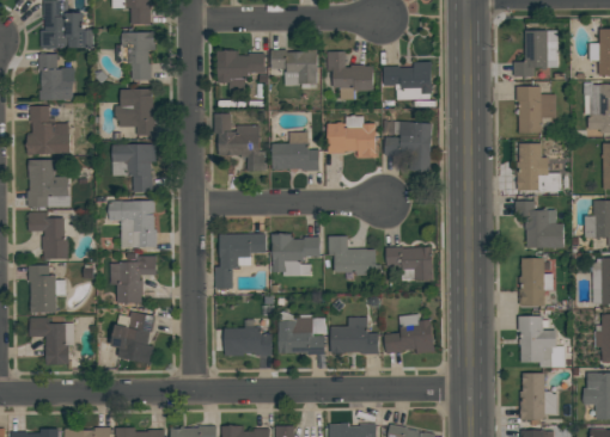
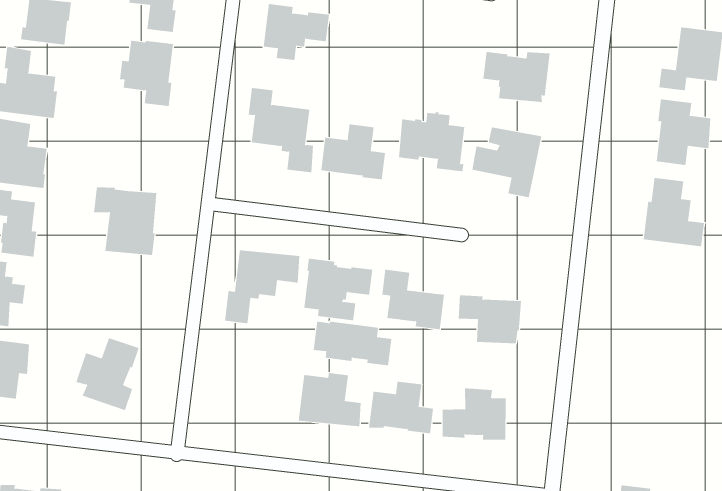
building: [272,49,318,85] -> none
building: [328,51,374,99] -> none
building: [112,143,157,191] -> none
building: [516,201,565,247] -> none
building: [110,256,157,303] -> none
building: [519,258,553,306] -> none
building: [518,315,565,367] -> none
building: [215,327,273,355] -> [313,321,392,366]

